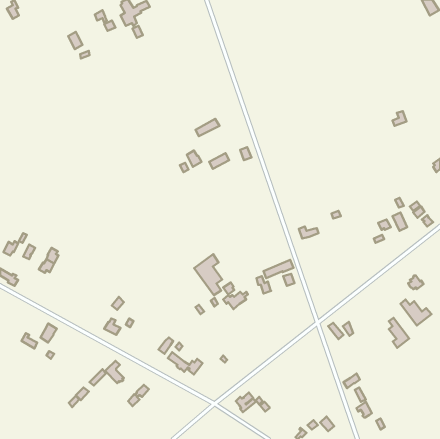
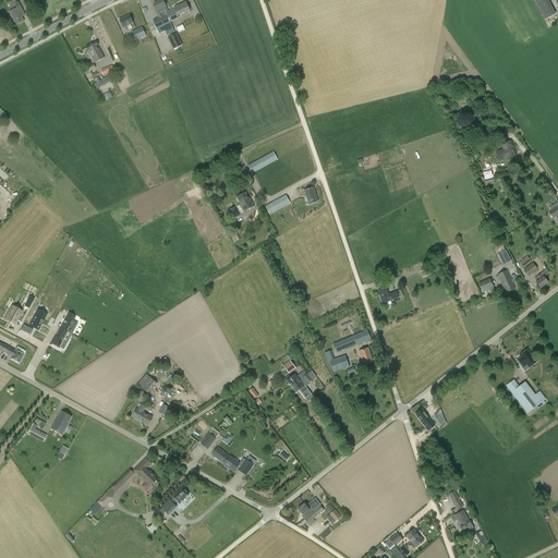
building: [194,254,222,295] -> none
building: [389,318,409,348] -> none

